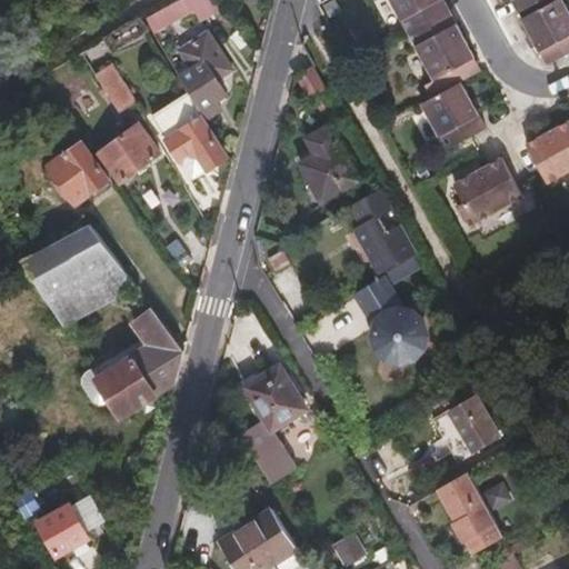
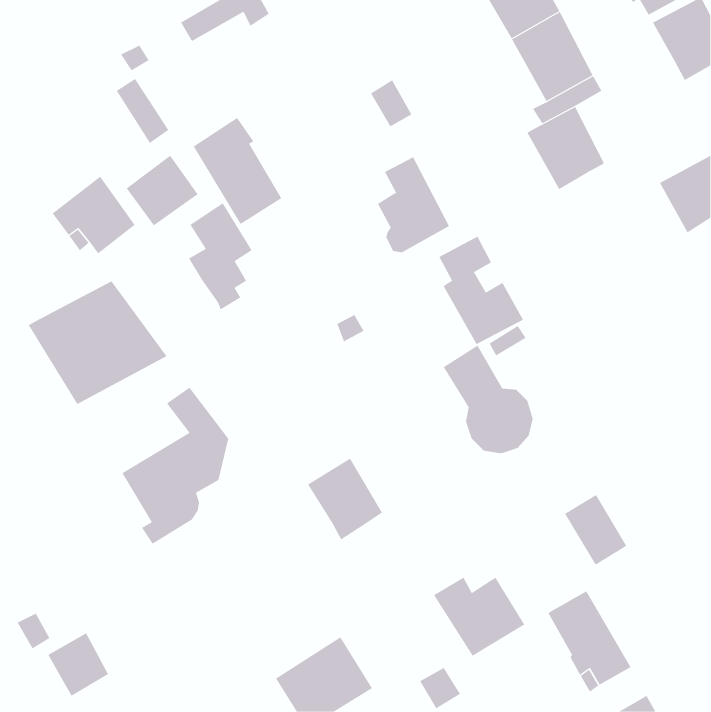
building: [179,32,230,118] -> [188,203,252,310]
building: [451,159,521,226] -> none
building: [240,418,313,481] -> [433,577,525,657]

